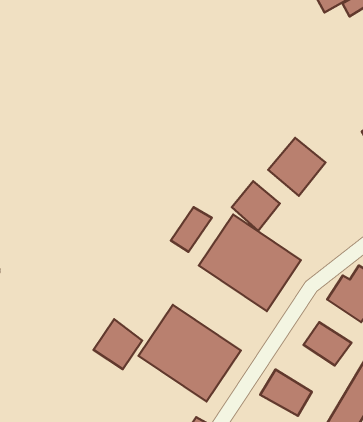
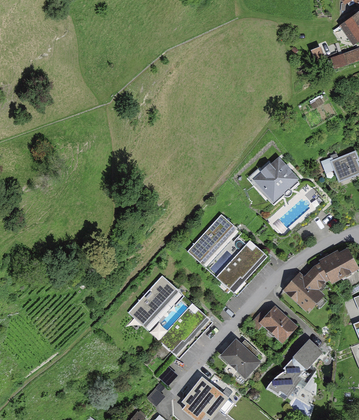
building: [232,181,280,231] -> none
building: [171,207,212,252] -> none
building: [94,319,142,369] -> none

